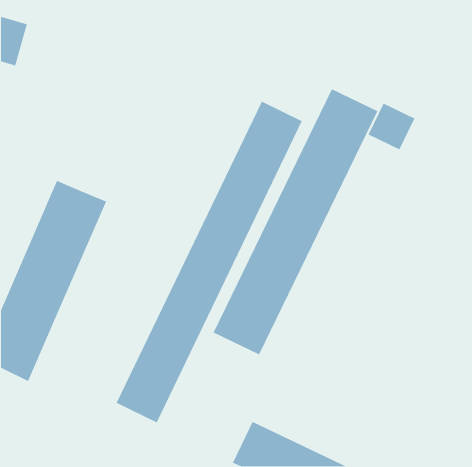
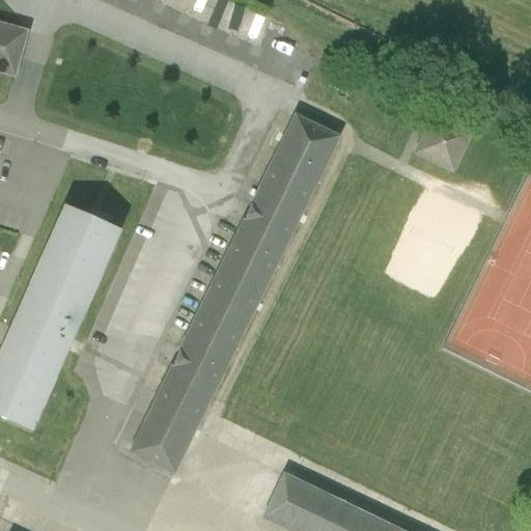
building: [213,88,378,355] -> none

